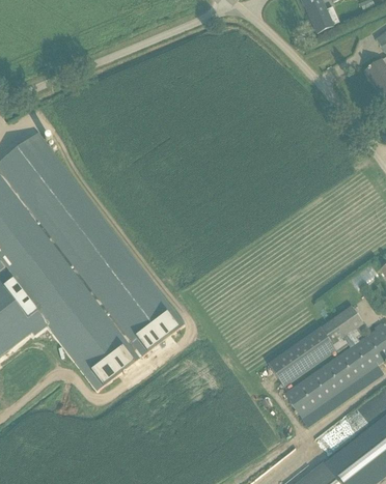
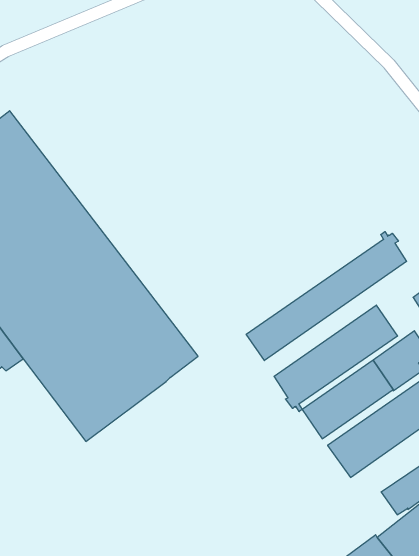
building: none -> [246,232,407,361]
building: none -> [274,305,398,412]

